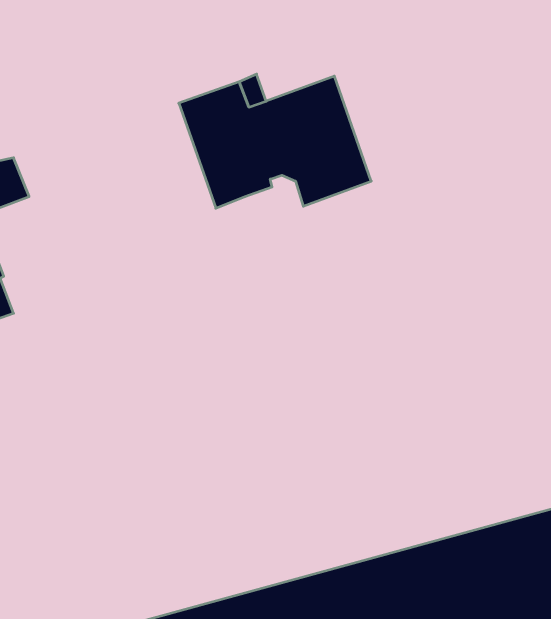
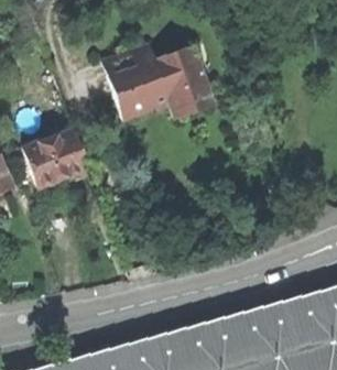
building: none -> [24,124,84,183]

